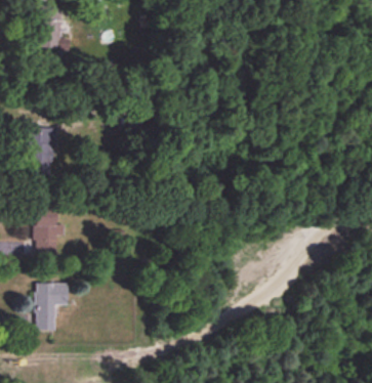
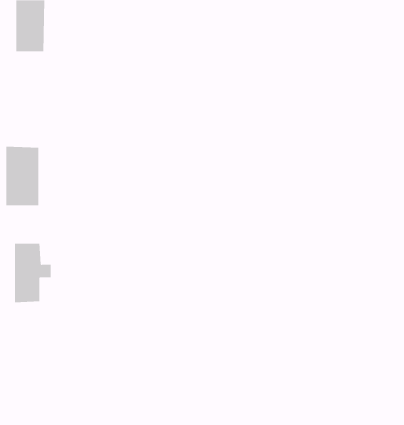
building: [36,284,68,331] -> none

